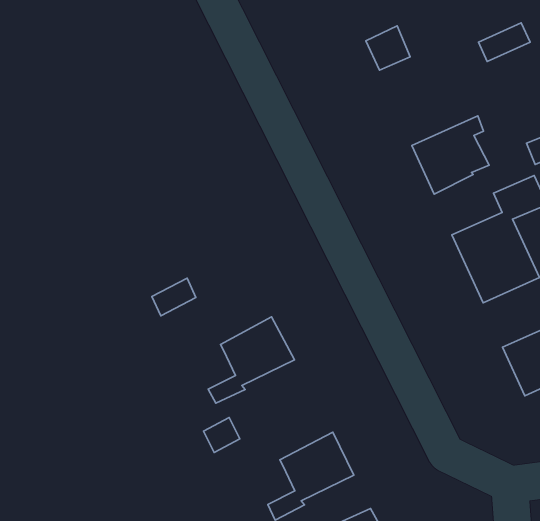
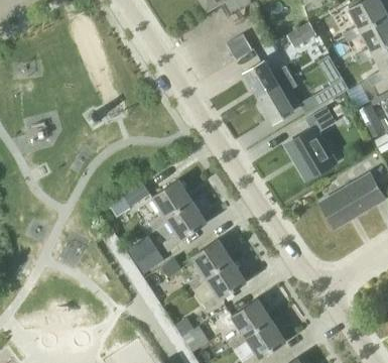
building: none -> [244,60,292,98]
building: none -> [148,179,191,230]
building: none -> [128,235,164,273]
building: none -> [187,238,232,289]

